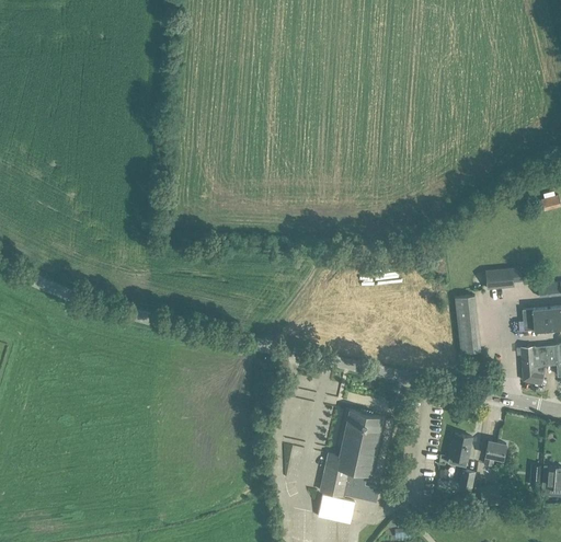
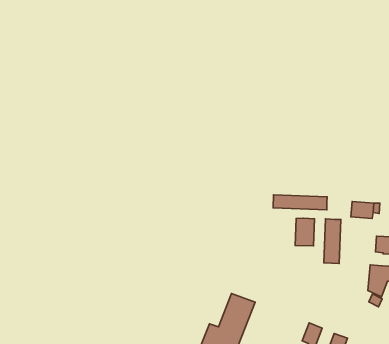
building: none -> [273,195,327,210]
building: none -> [295,218,314,246]

